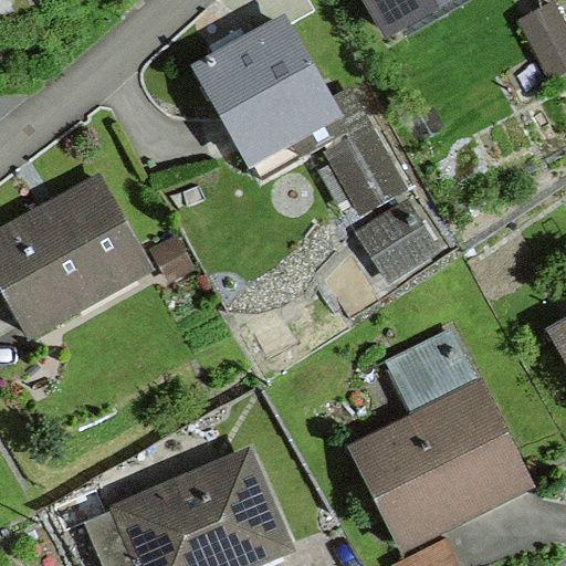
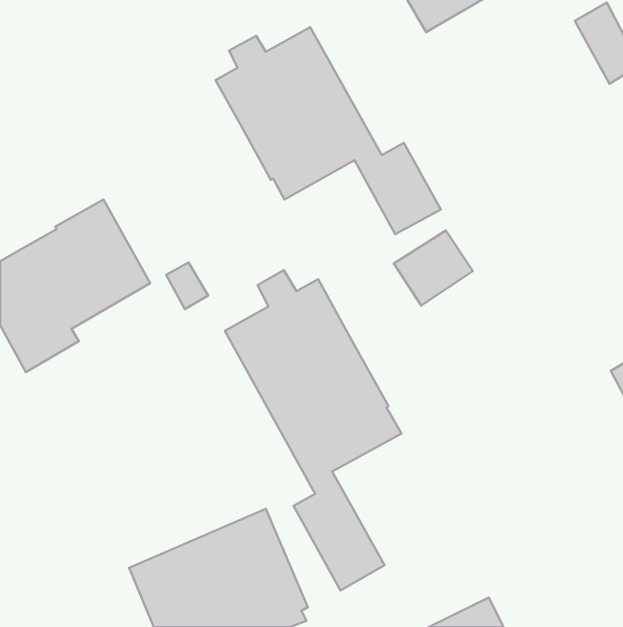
building: none -> [225,270,401,590]
building: [357,333,520,541] -> none

